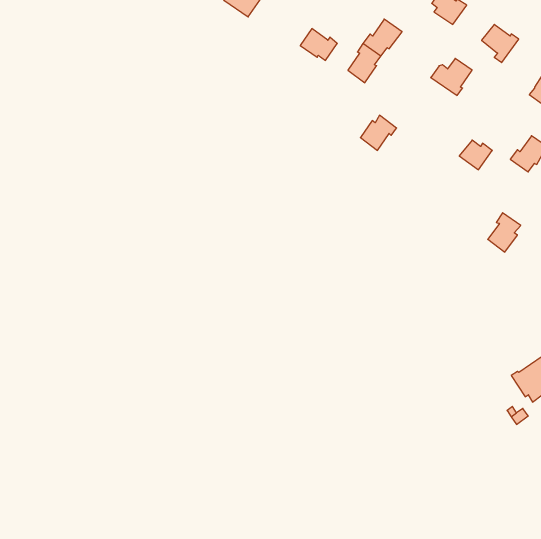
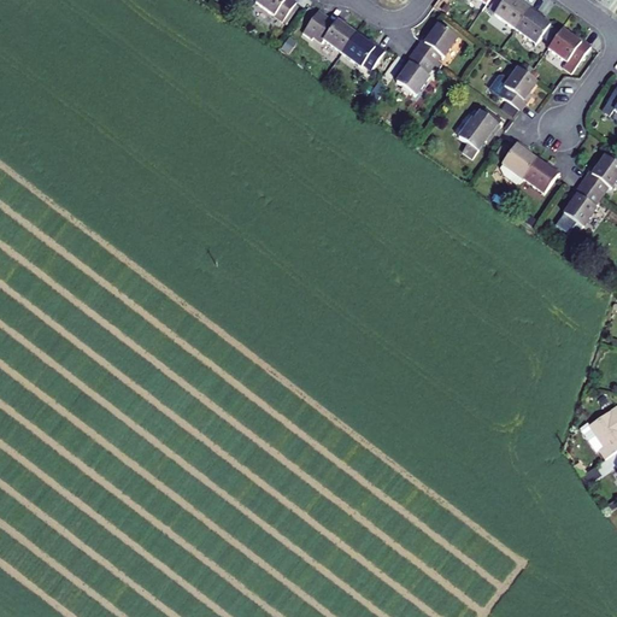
building: none -> [516,6,551,43]
building: none -> [304,10,355,52]
building: [360,115,397,150] -> [459,110,500,149]
building: none -> [503,141,537,177]
building: [488,213,521,252] -> [564,181,601,225]

